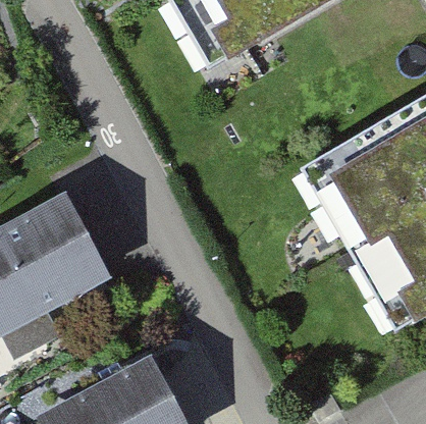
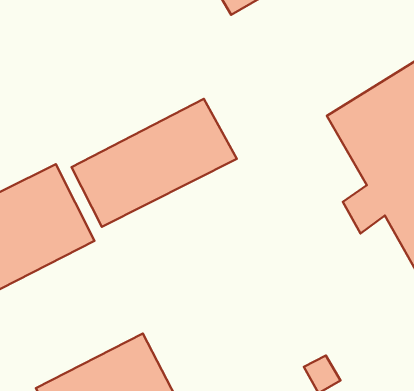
building: none -> [71,99,237,227]

